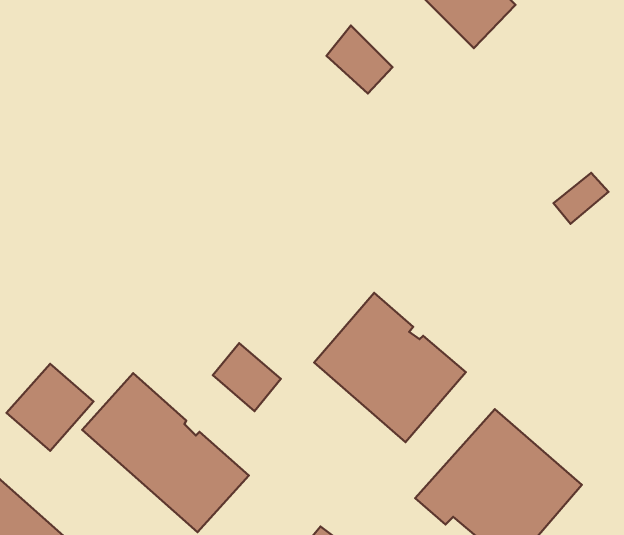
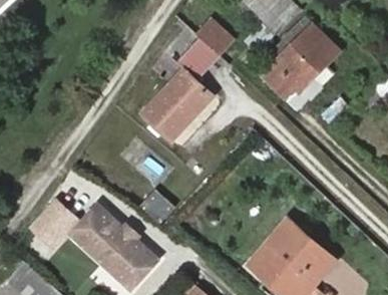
building: none -> [265,27,339,99]
building: none -> [143,30,216,138]
building: [314,293,466,442] -> none

